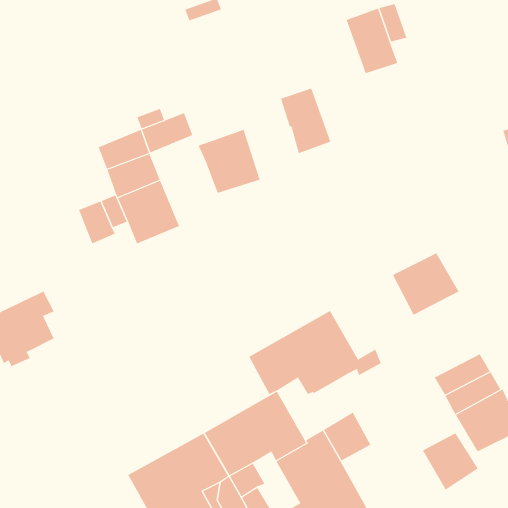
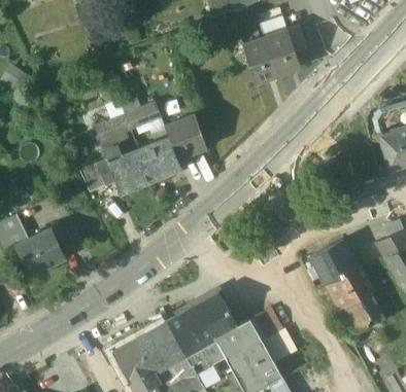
building: [280,88,331,154] -> [243,37,278,82]
building: none -> [137,135,180,179]
building: [392,252,459,315] -> [311,240,358,283]
building: [249,310,382,395] -> none
building: [422,432,478,491] -> none

